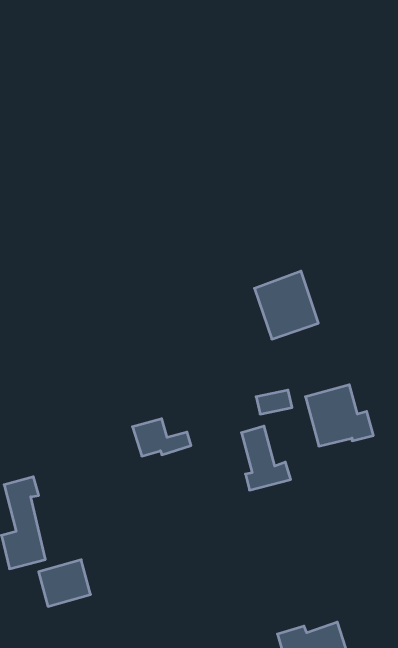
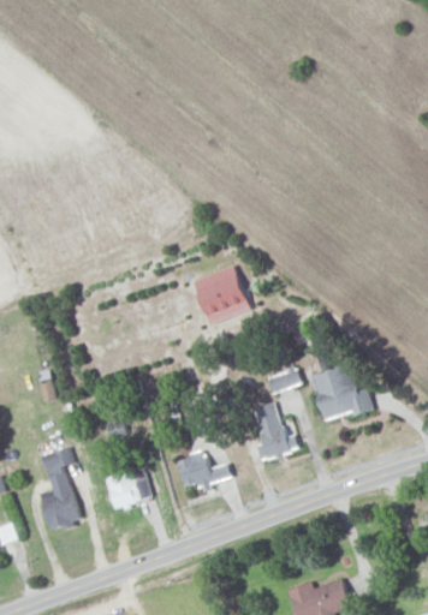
building: [254,271,318,339] -> [194,264,251,326]
building: [132,419,191,456] -> [178,452,231,485]
building: [39,560,91,606] -> [103,466,150,508]

